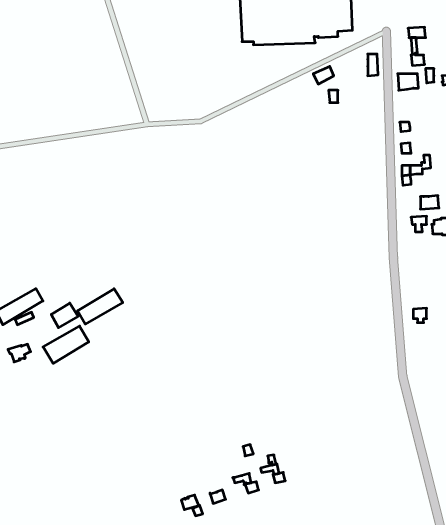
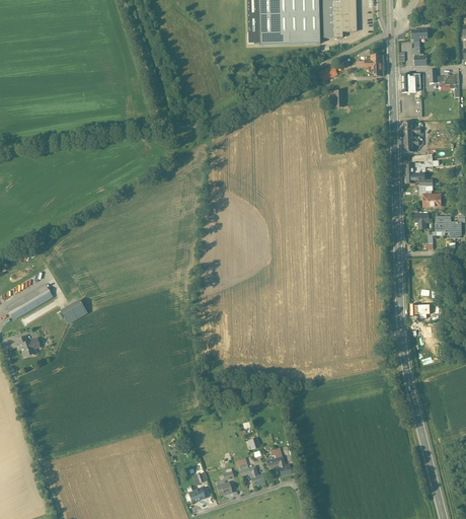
building: [78,289,123,324] -> none
building: [43,326,89,363] -> none

